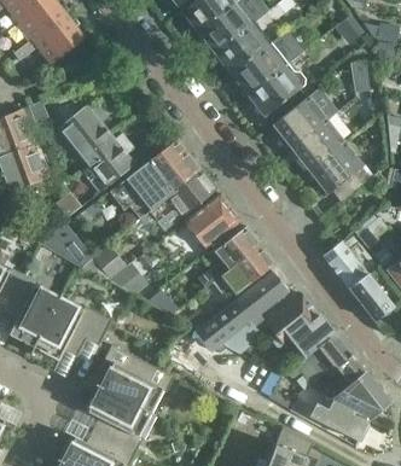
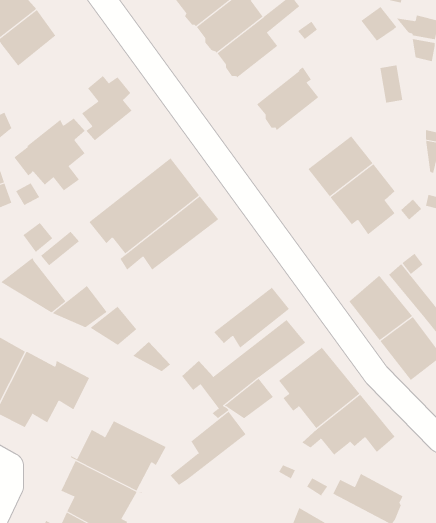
building: [232,43,283,95] -> none
building: [272,98,326,148] -> none
building: [89,135,132,190] -> [81,75,133,141]
building: [184,193,242,249] -> none
building: [198,226,261,287] -> [170,411,246,486]
building: [319,373,389,418] -> none

